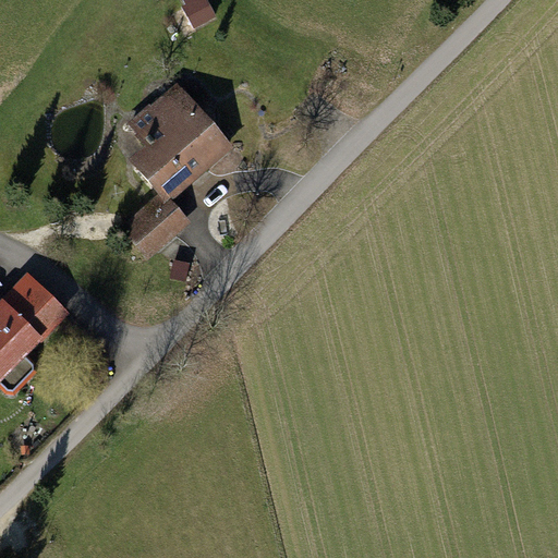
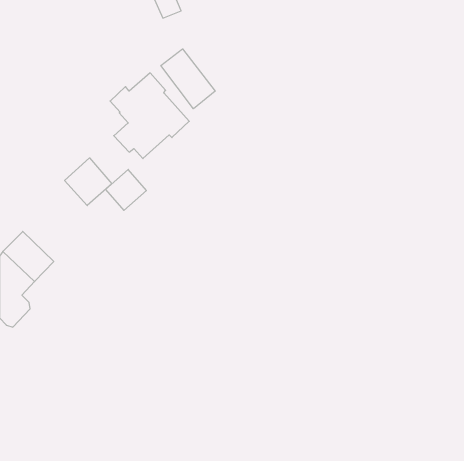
building: none -> [161,49,215,109]
building: none -> [65,158,112,206]

